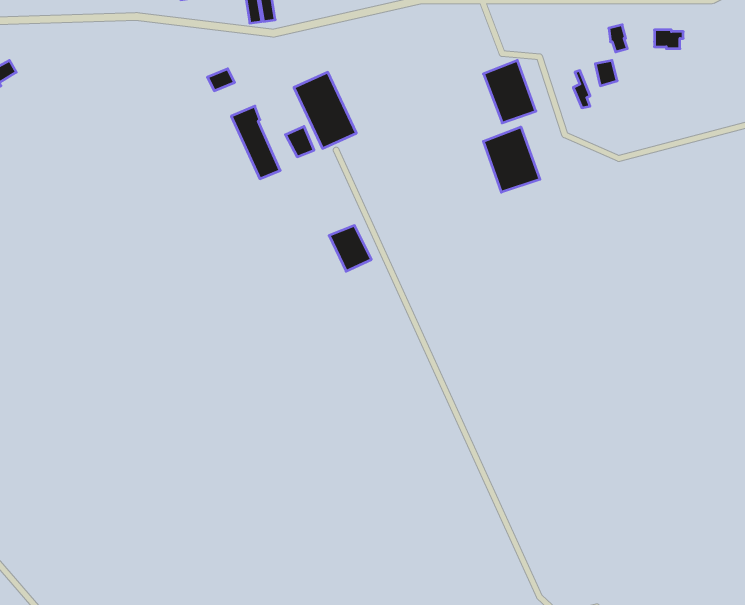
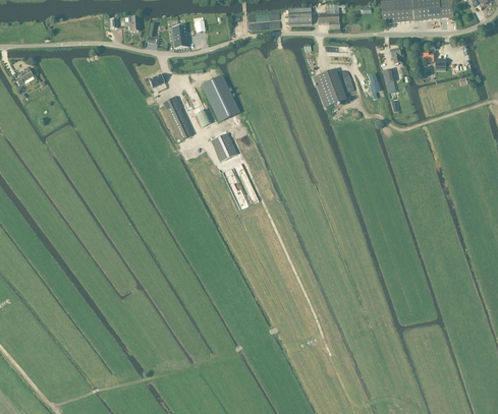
building: [483,127,540,192] -> none
building: [329,226,371,271] -> [212,133,237,161]

